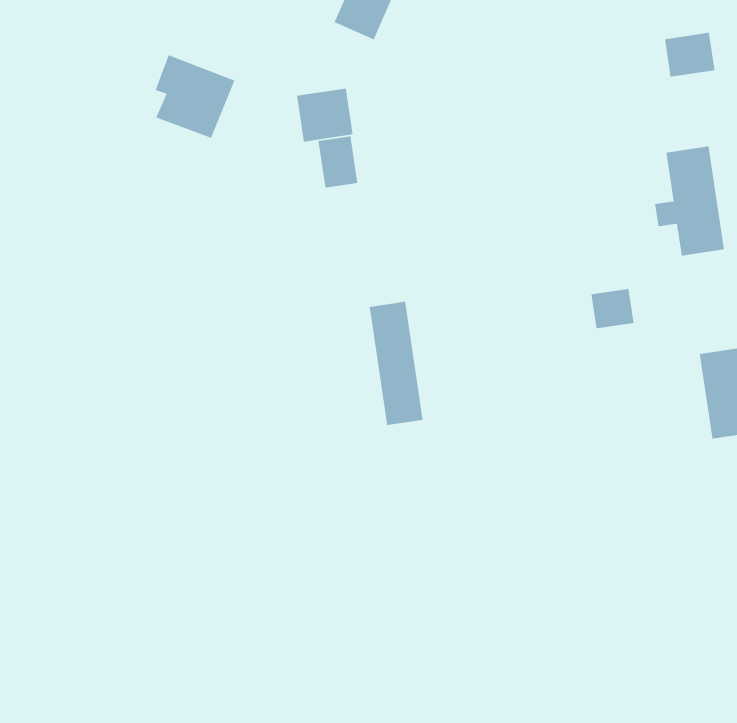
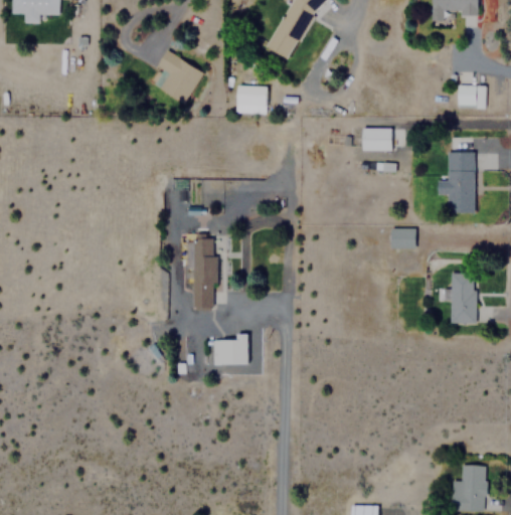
building: none -> [362,127,393,150]
building: [318,136,358,188] -> none
building: [369,301,423,426] -> [193,237,215,309]
building: none -> [213,337,248,364]

